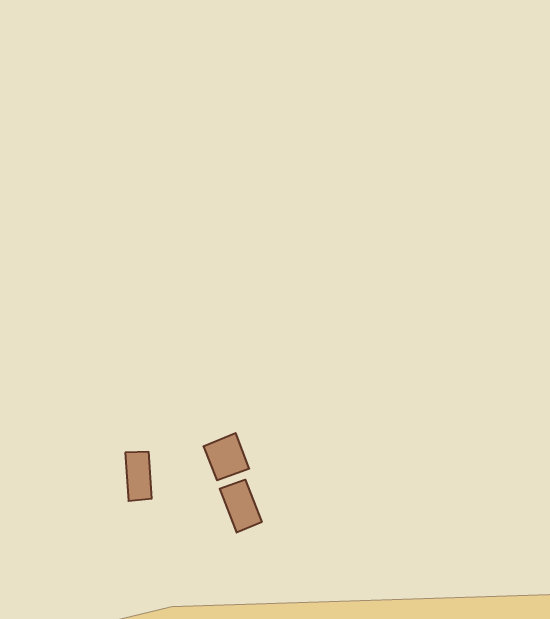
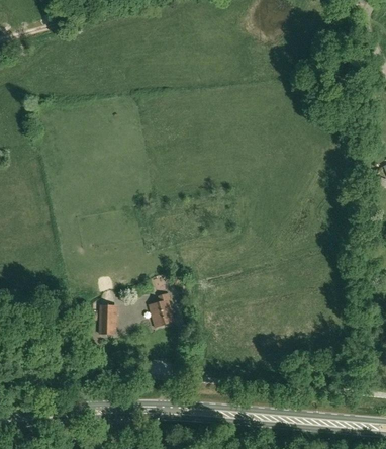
building: [220,480,262,533] -> none

